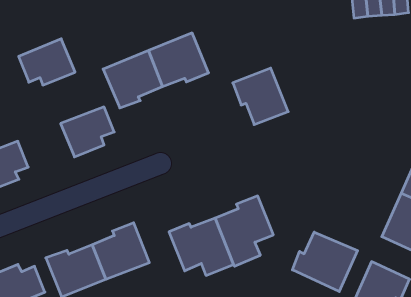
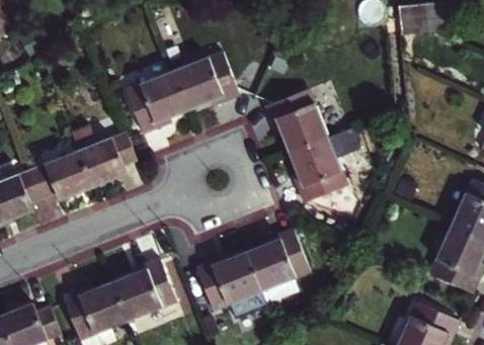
building: [19,39,75,85] -> [31,150,93,200]
building: none -> [290,126,358,201]
building: [292,232,358,292] -> none

